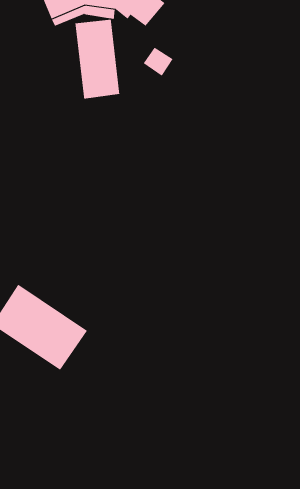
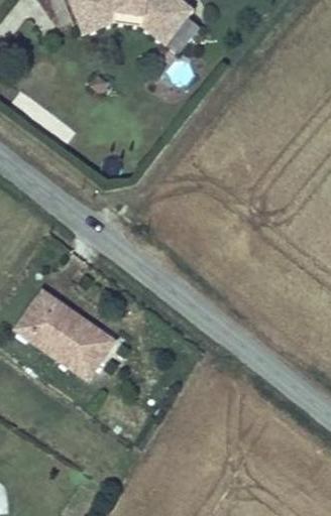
building: [75,19,120,100] -> none

